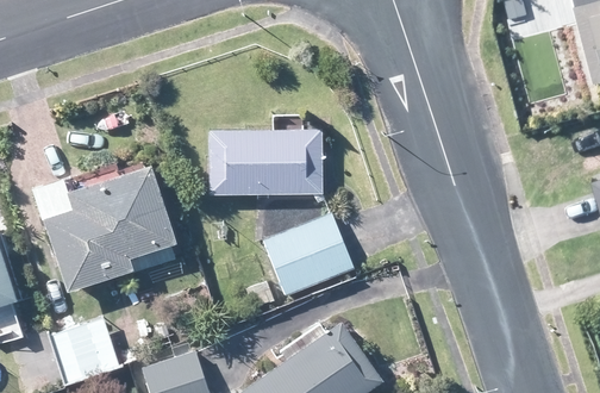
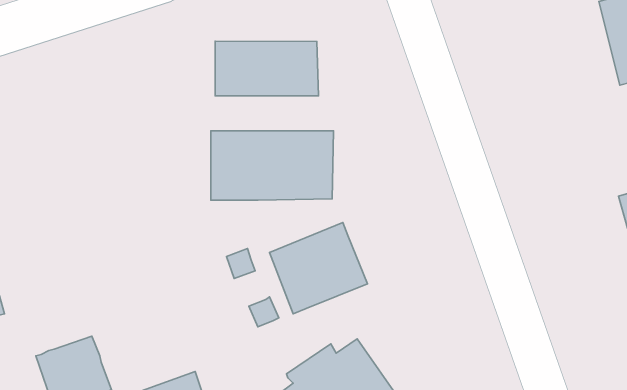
building: none -> [215,41,318,96]
building: [37,164,180,289] -> none

